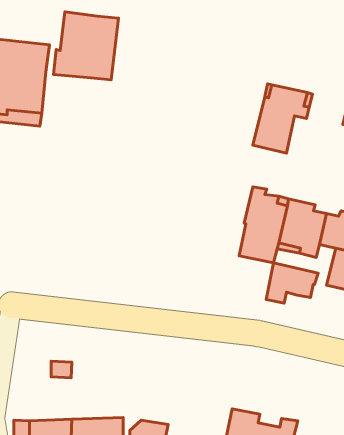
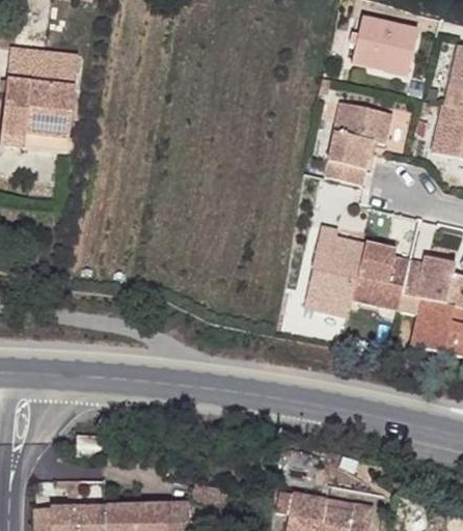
building: [53,12,119,80] -> none
building: none -> [353,18,417,75]
building: [266,263,318,303] -> none

